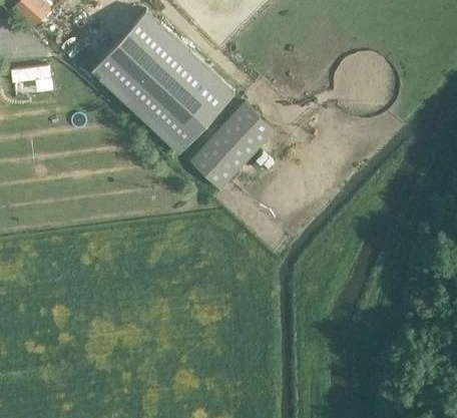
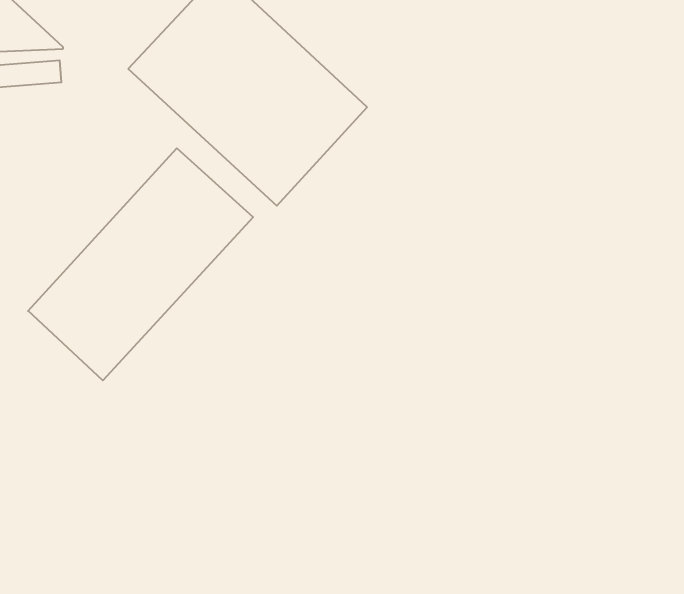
building: [189,106,275,192] -> none
building: none -> [28,148,253,380]

